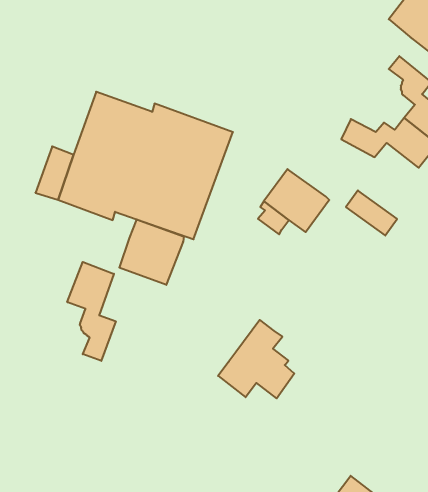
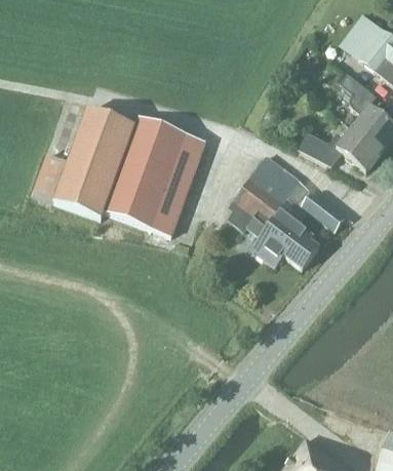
building: none -> [253,155,301,198]
building: [119,219,184,285] -> none
building: [67,262,116,361] -> none
building: [218,320,294,398] -> [253,201,319,269]

